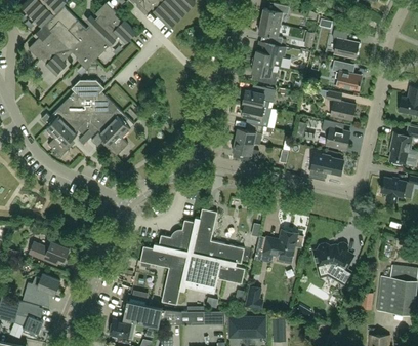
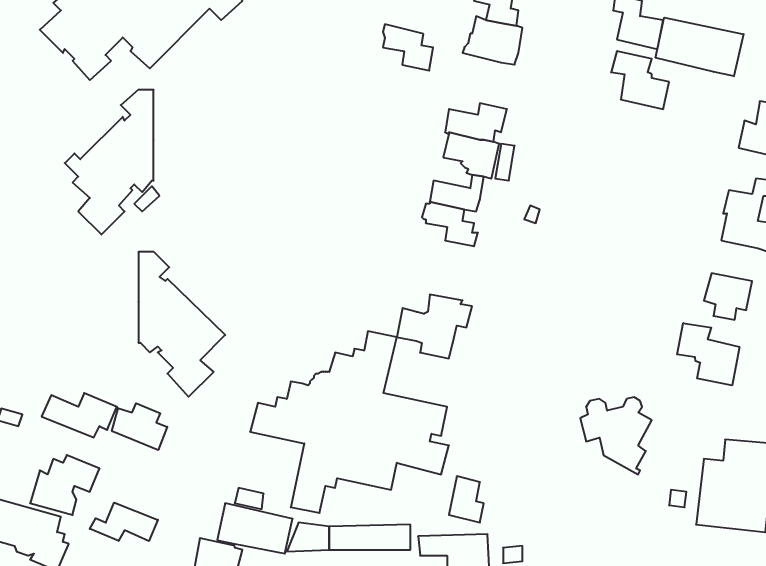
building: none -> [656,18,744,76]
building: [251,61,278,85] -> [383,24,433,71]
building: [88,80,134,157] -> [138,252,225,397]
building: [326,91,356,120] -> none
building: [322,120,349,149] -> none
building: [309,153,343,178] -> none
building: none -> [677,323,739,385]
building: [263,230,303,264] -> [397,295,472,358]
building: none -> [112,403,167,450]
building: none -> [90,503,158,541]

